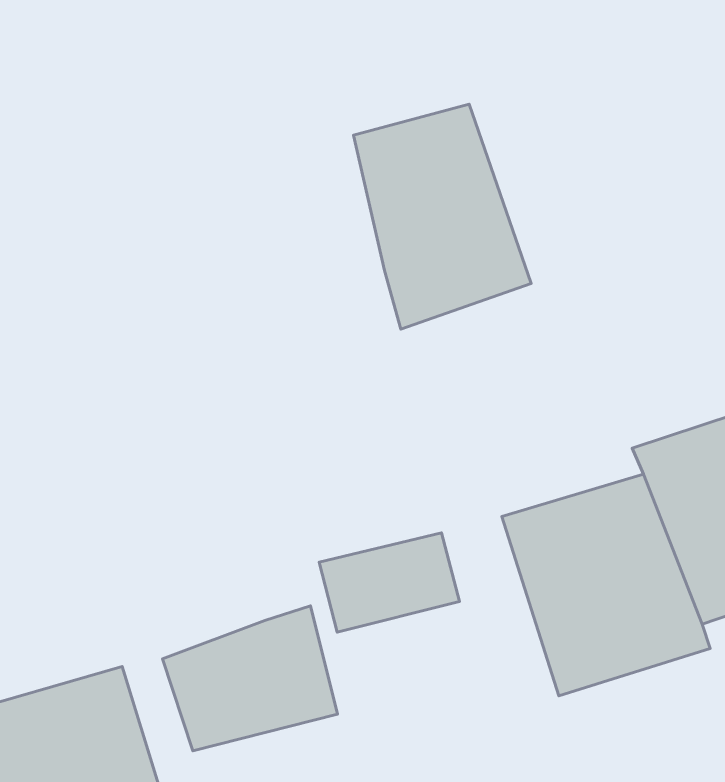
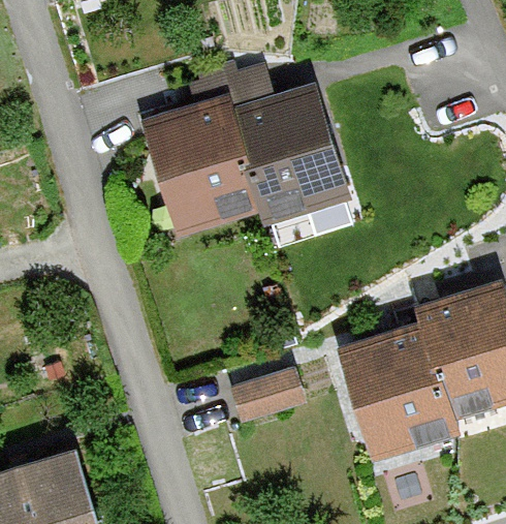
building: none -> [135,91,262,222]
building: [163,606,337,751] -> none

